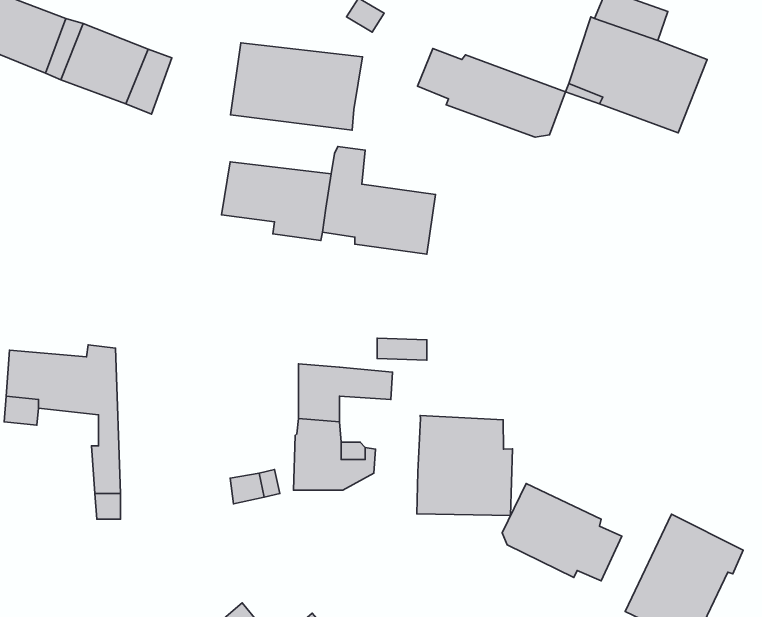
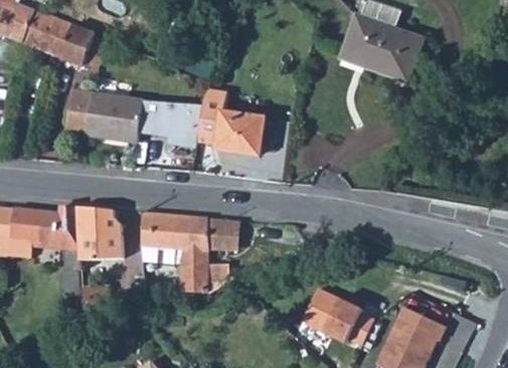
building: [231,43,362,130] -> [65,90,143,142]
building: [418,48,565,137] -> none
building: none -> [80,207,125,254]
building: none -> [141,213,183,264]
building: [417,415,513,515] -> none

